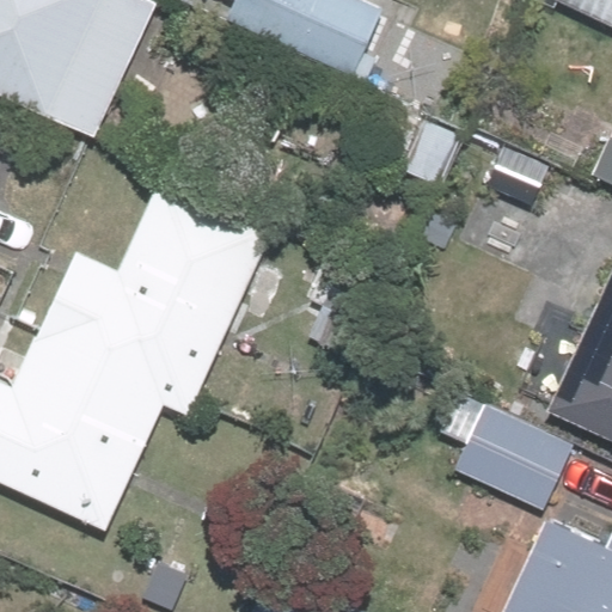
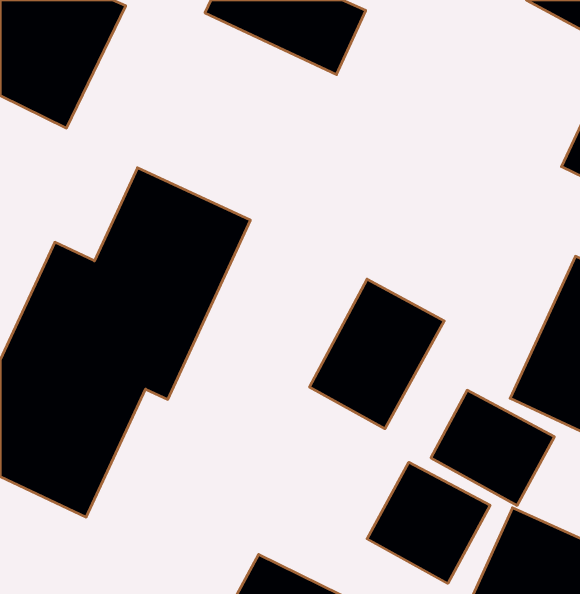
building: none -> [310,279,444,429]
building: none -> [367,462,490,583]

